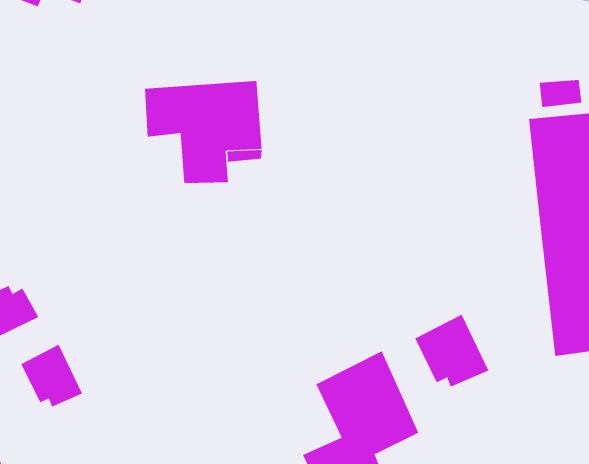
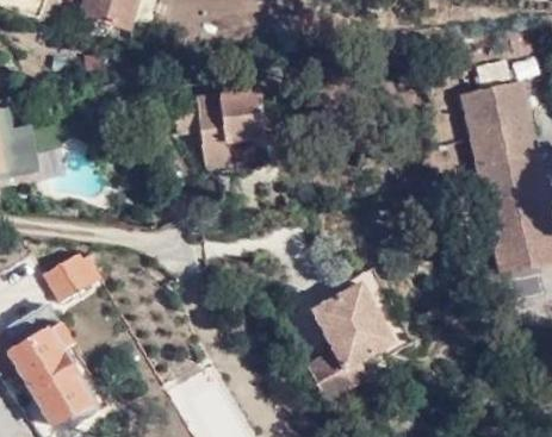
building: [415,314,489,388] -> none
building: [21,344,83,407] -> none

